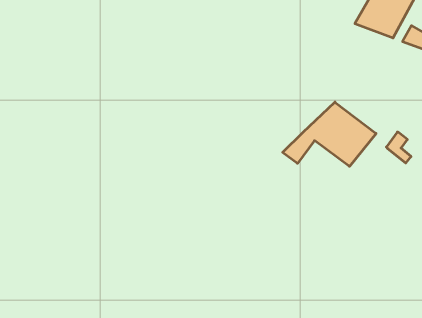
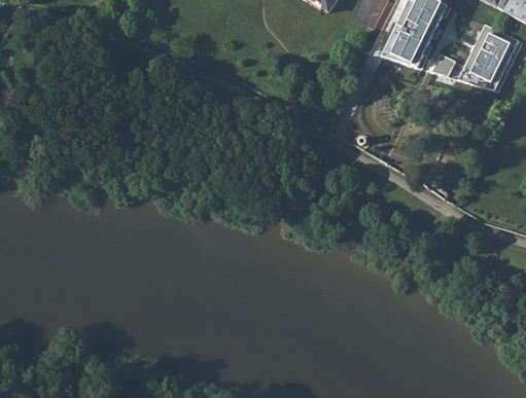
building: [283,102,376,166] -> none

